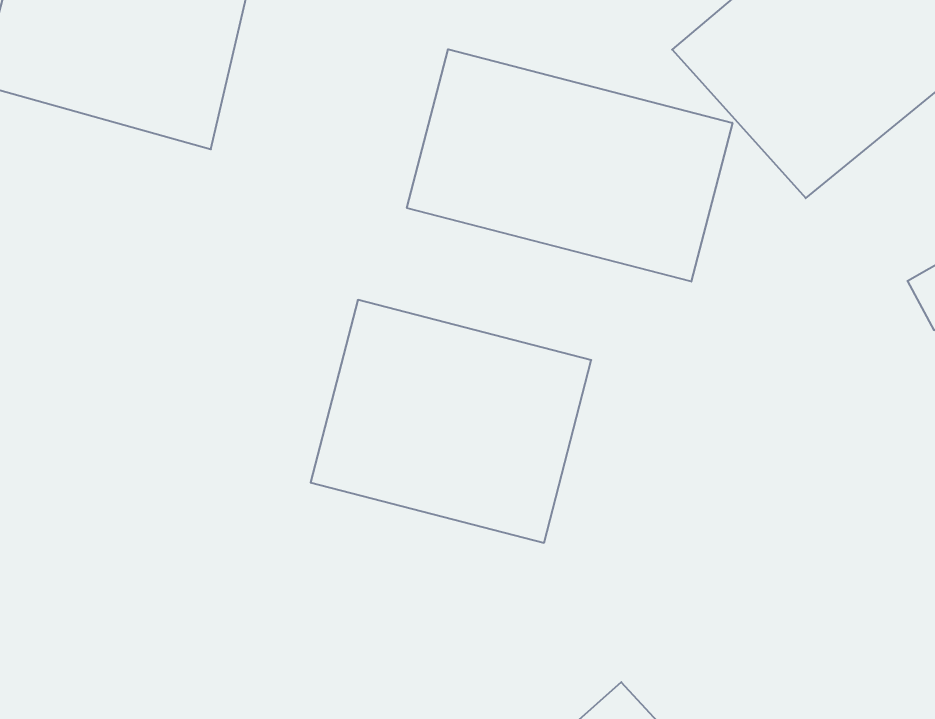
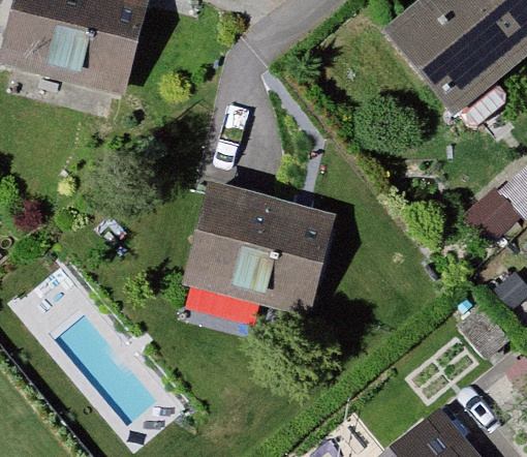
building: [407,49,732,282] -> none

